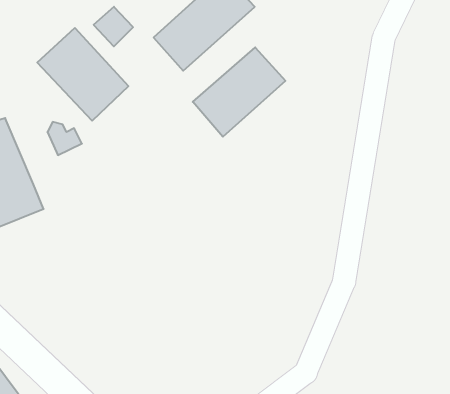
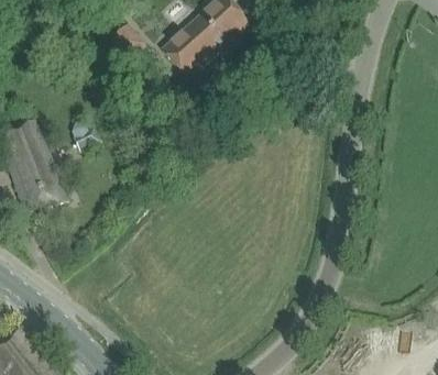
building: [37,28,128,121] -> none
building: [193,47,285,137] -> none

